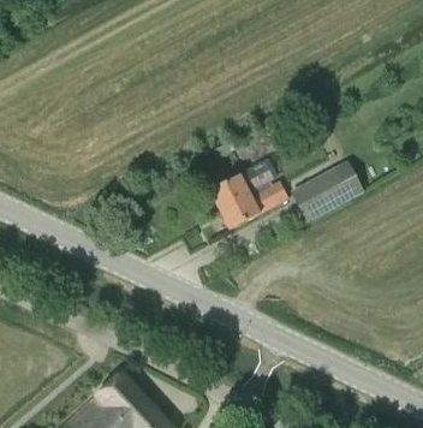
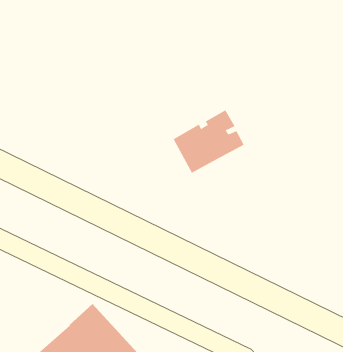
building: [291,161,361,220] -> none

